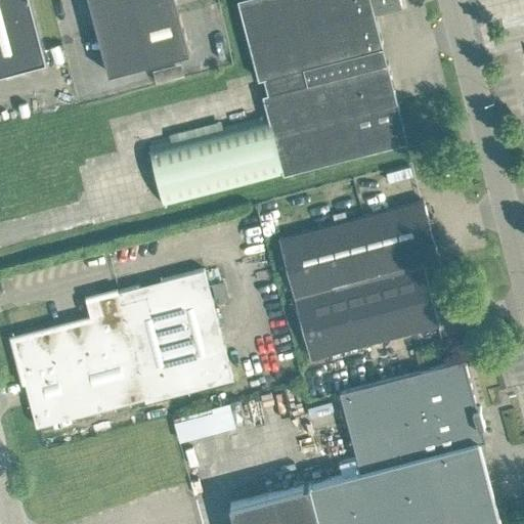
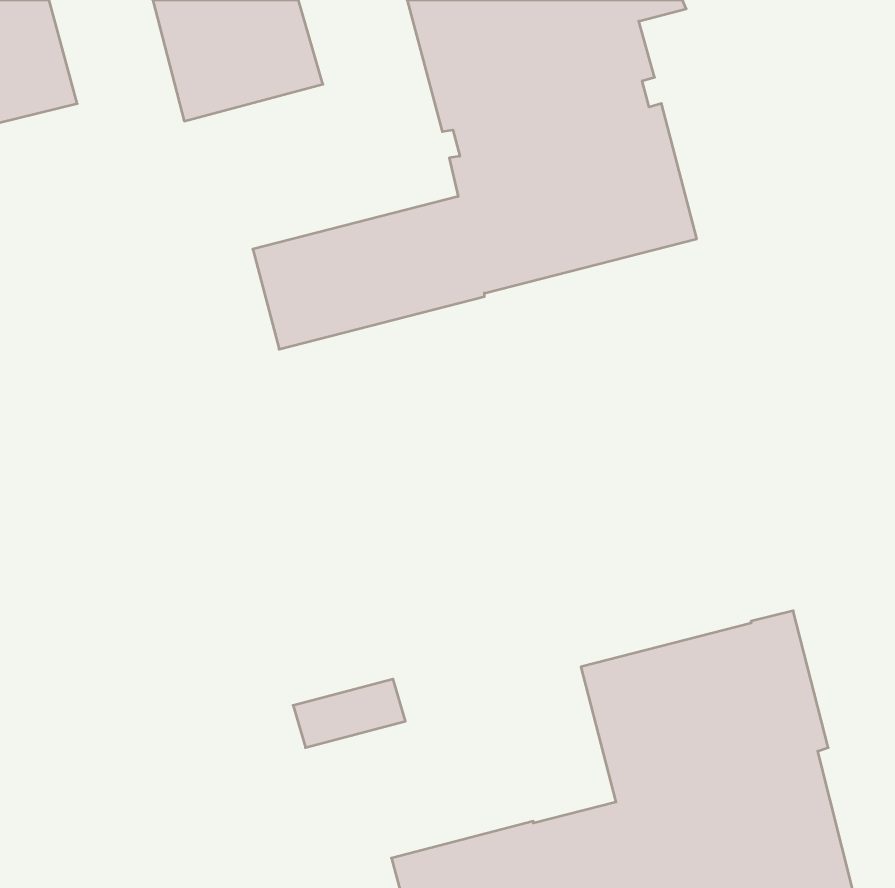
building: [278,204,438,360] -> none
building: [12,271,231,429] -> none

